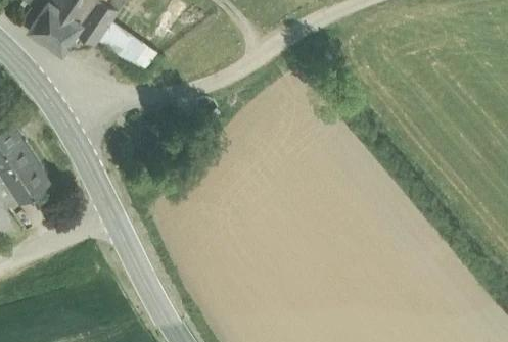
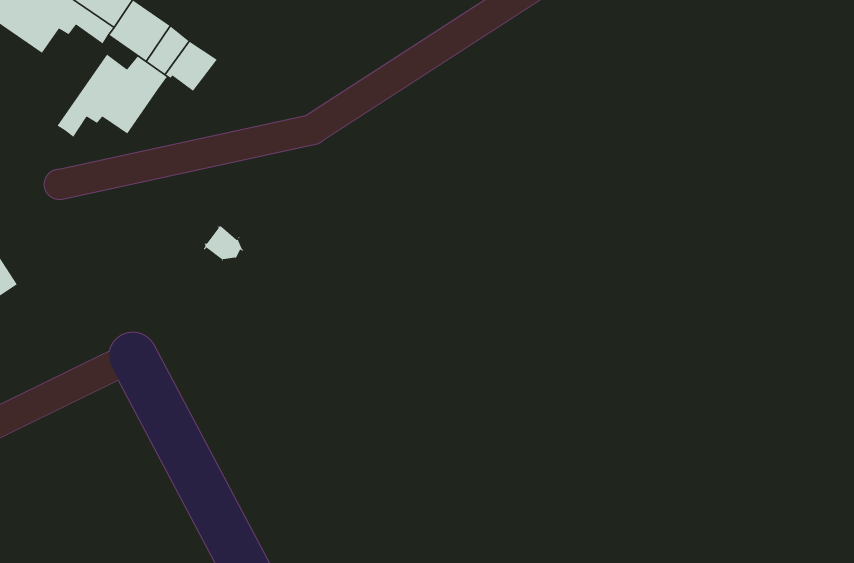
building: none -> [57,54,168,138]

